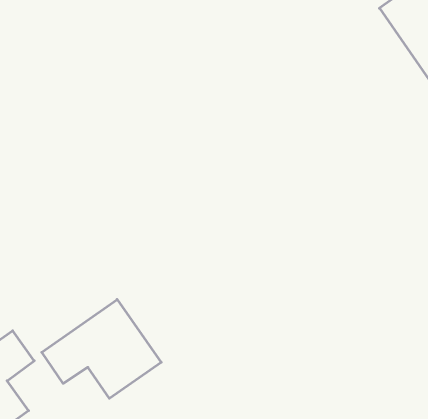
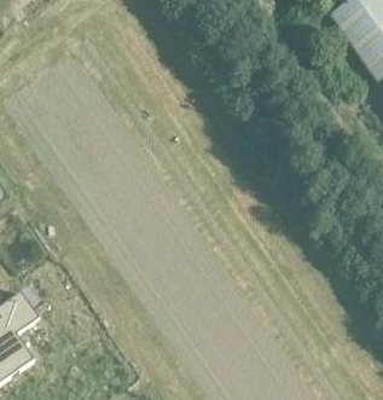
building: [42,299,161,398] -> none

